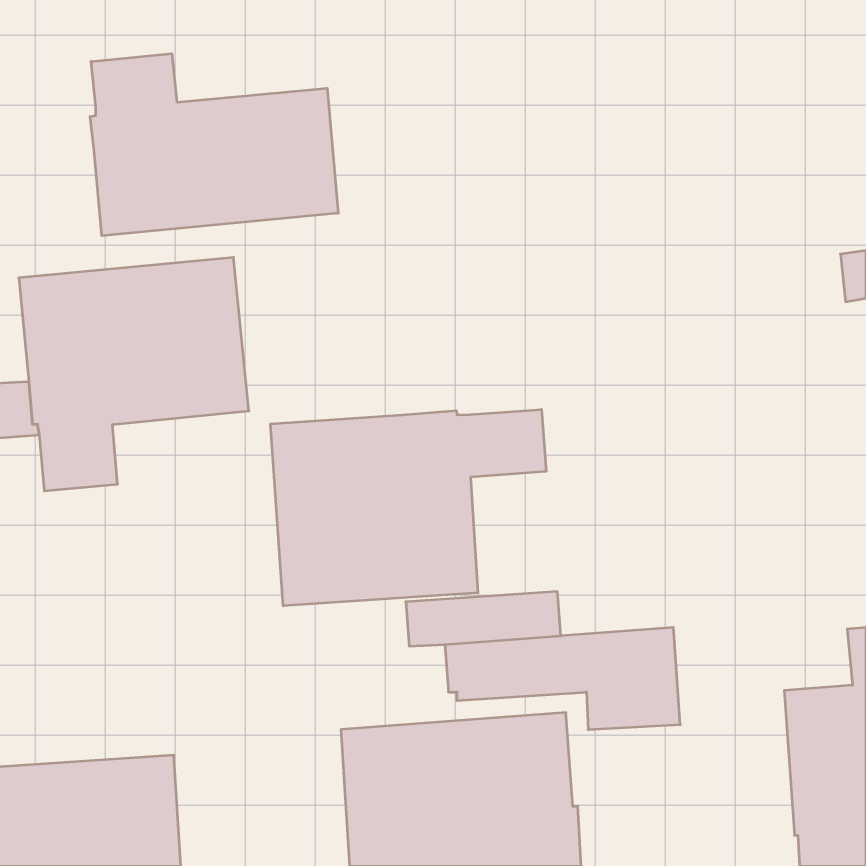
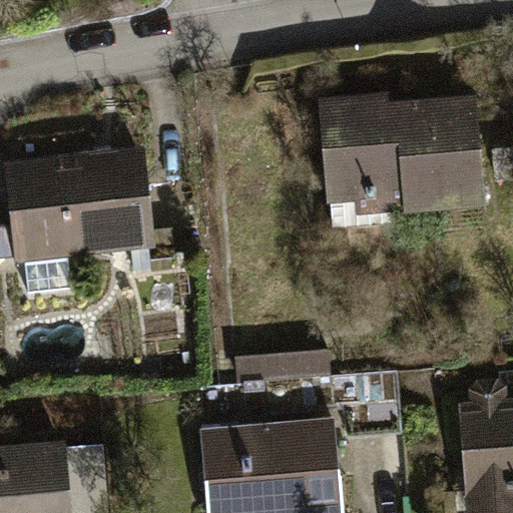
building: [90,54,338,236] -> none
building: none -> [322,97,483,224]
building: [271,409,546,606] -> none

